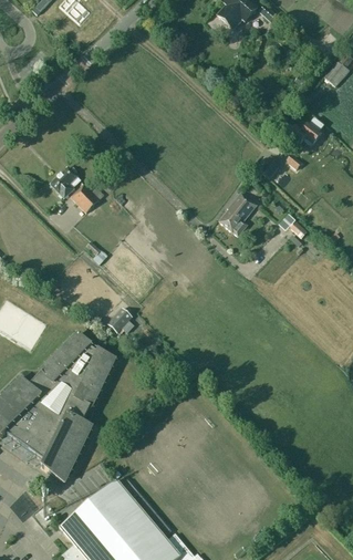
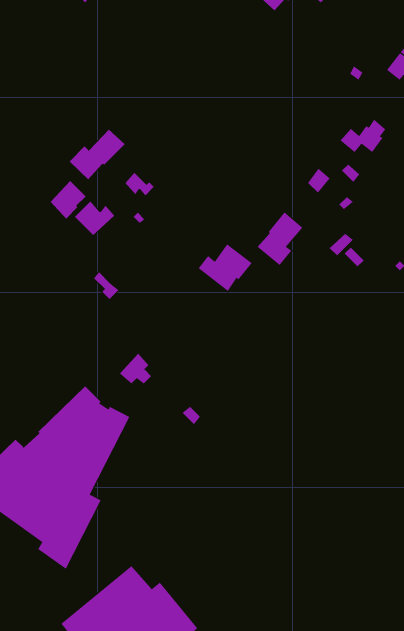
building: none -> [69,129,126,180]
building: none -> [198,243,253,292]

